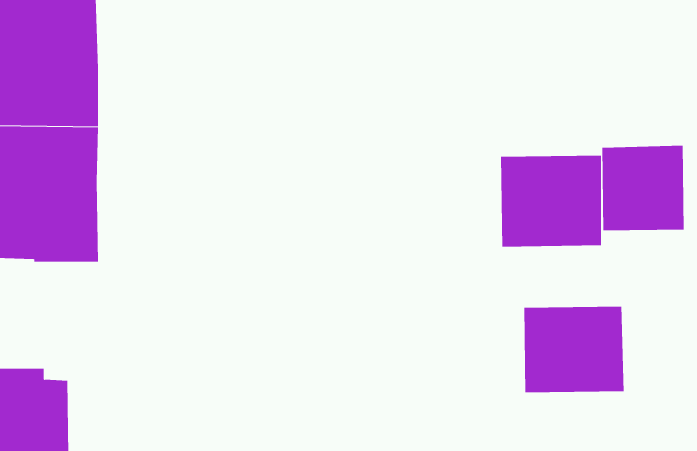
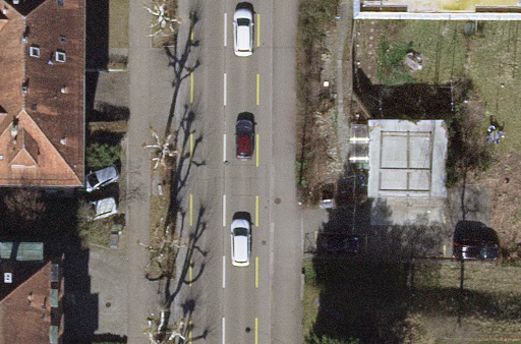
building: [602,145,684,231] -> none
building: [524,306,624,393] -> none

